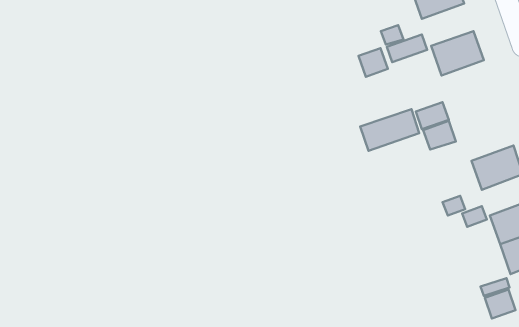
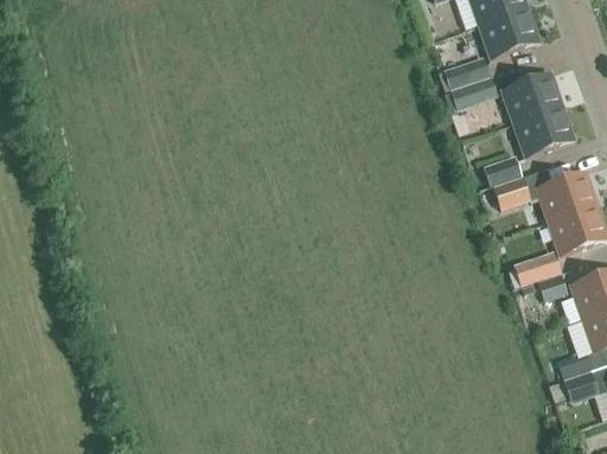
building: [358,48,388,77] -> none
building: none -> [513,104,574,155]
building: [360,109,419,151] -> none
building: none -> [536,170,596,220]

